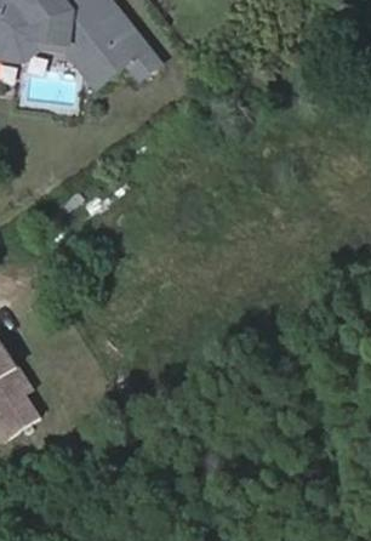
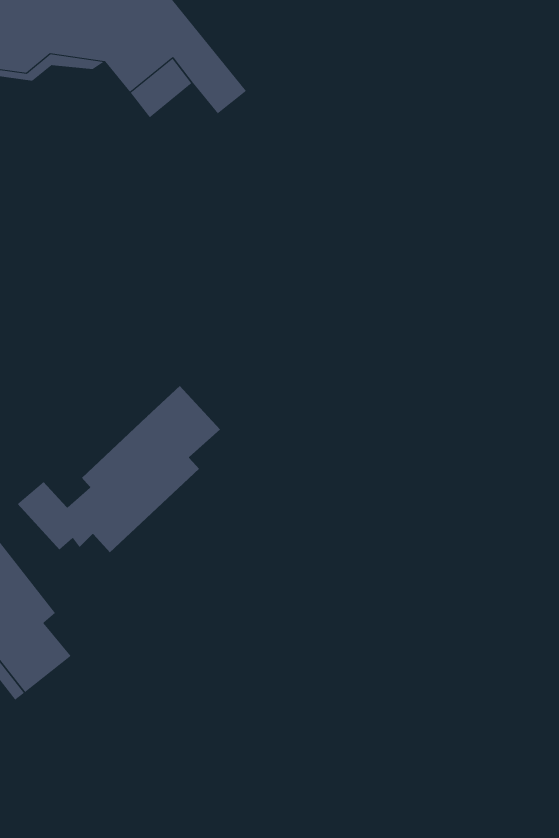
building: none -> [17,385,221,553]

